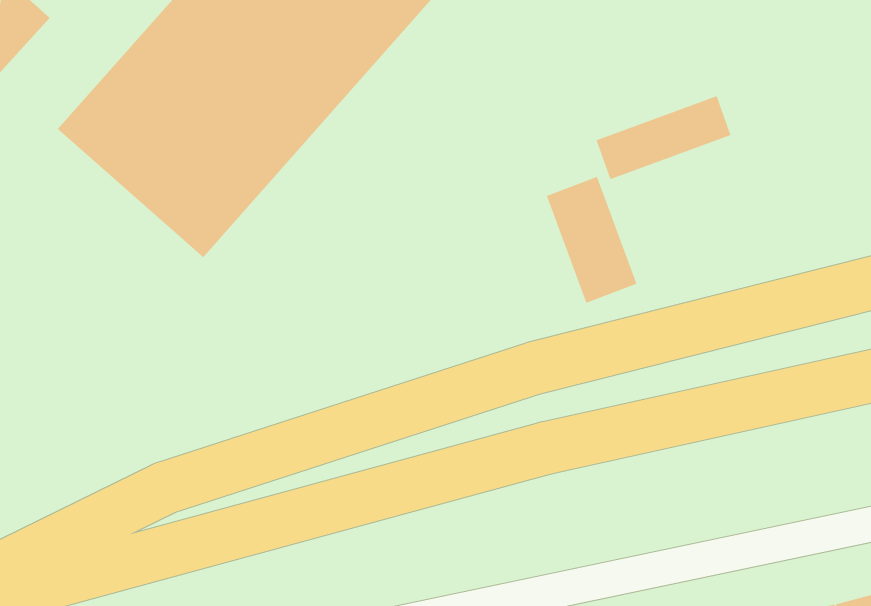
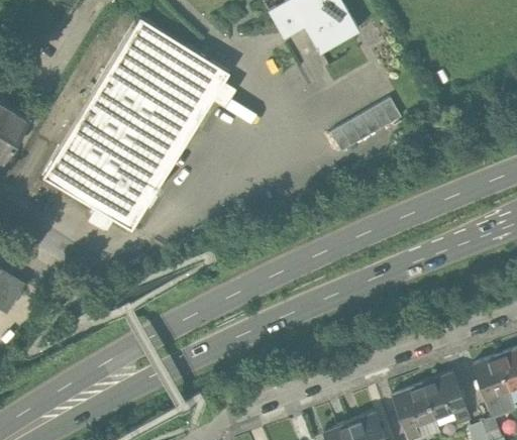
building: [546,176,637,304] -> none

